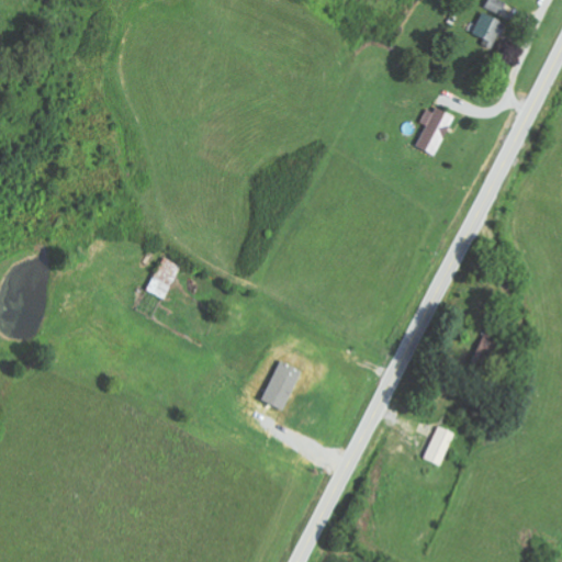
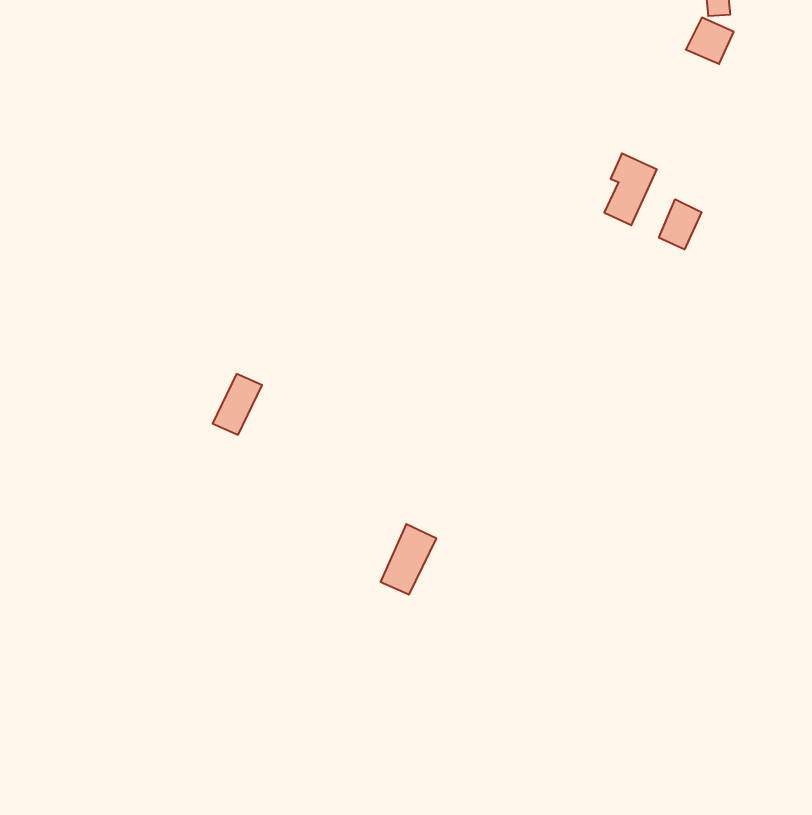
building: none -> [659,199,702,249]
building: [423,426,454,465] -> none

